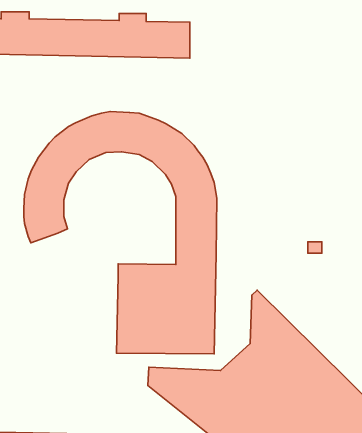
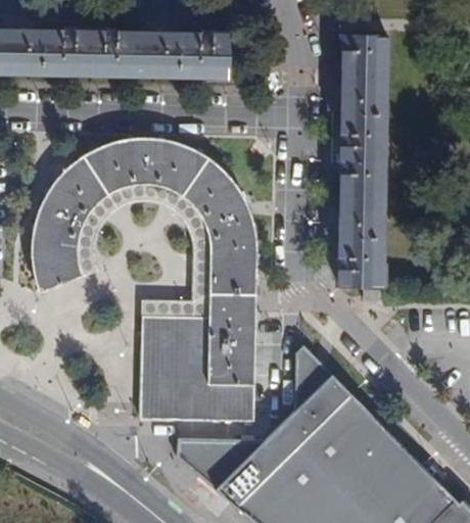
building: none -> [334,37,388,286]
building: none -> [79,186,209,318]

